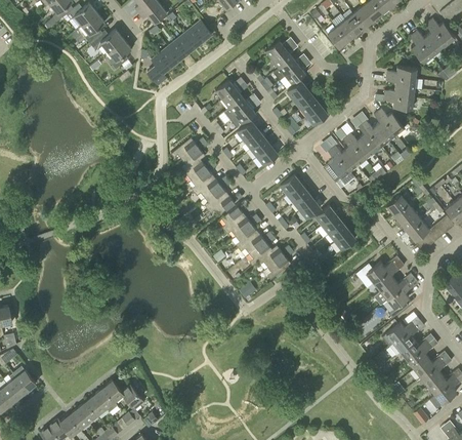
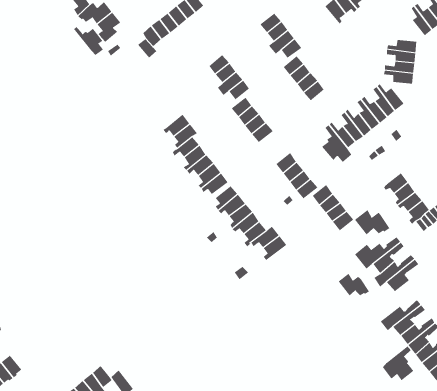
building: none -> [73,26,104,56]
building: none -> [354,209,390,235]
building: none -> [338,273,370,296]
building: none -> [382,345,414,381]

